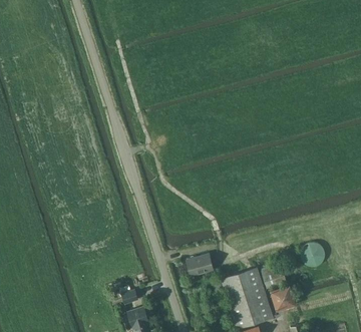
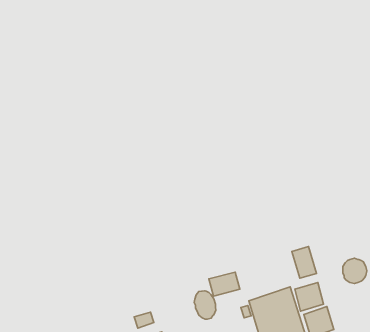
building: none -> [292,247,316,278]
building: none -> [194,291,216,319]

